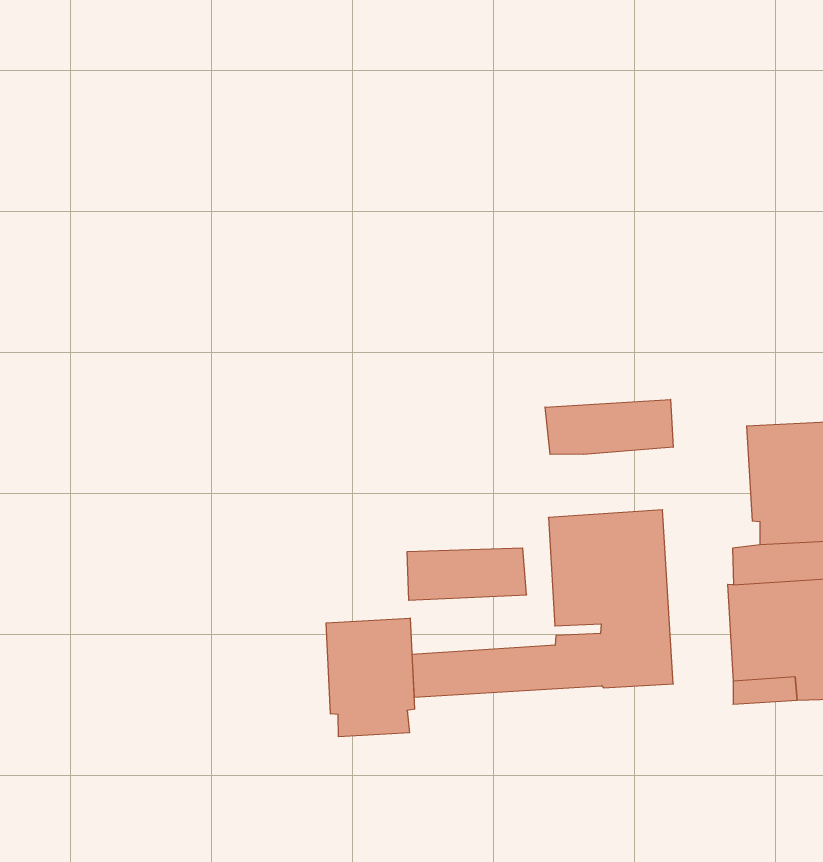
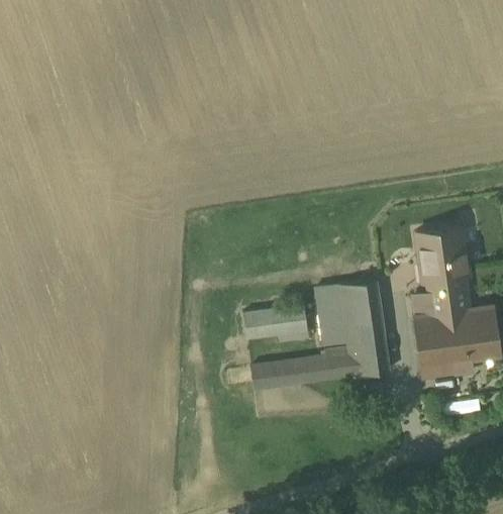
building: [545,399,673,454] -> none
building: [326,618,414,737] -> none

